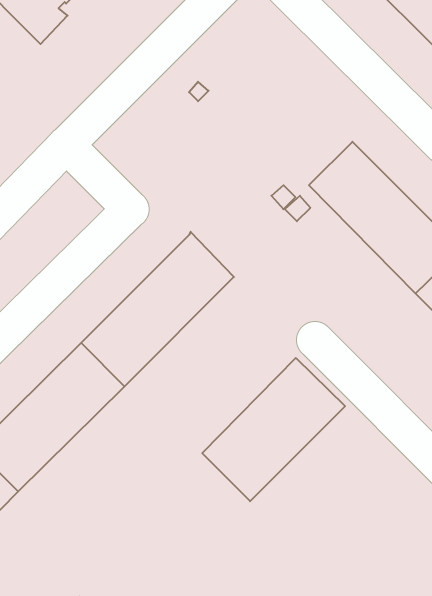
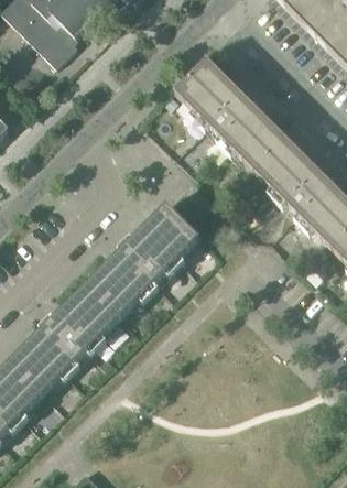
building: none -> [175,58,286,170]
building: [202,358,345,501] -> none

